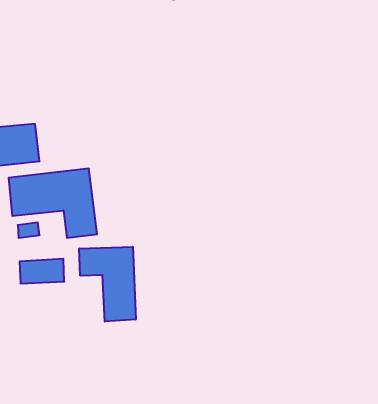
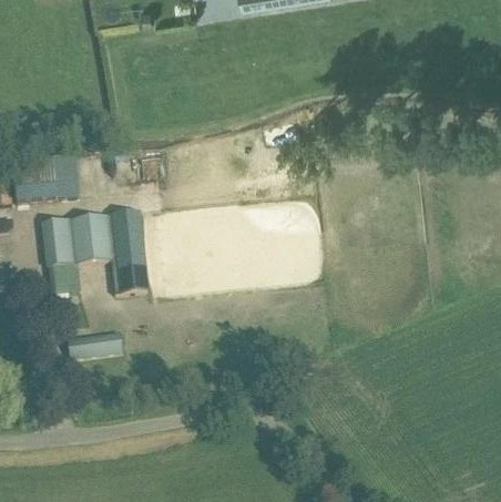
building: [79,247,136,322] -> none

